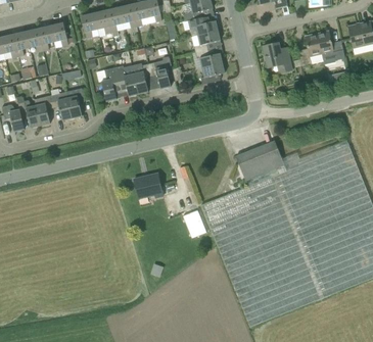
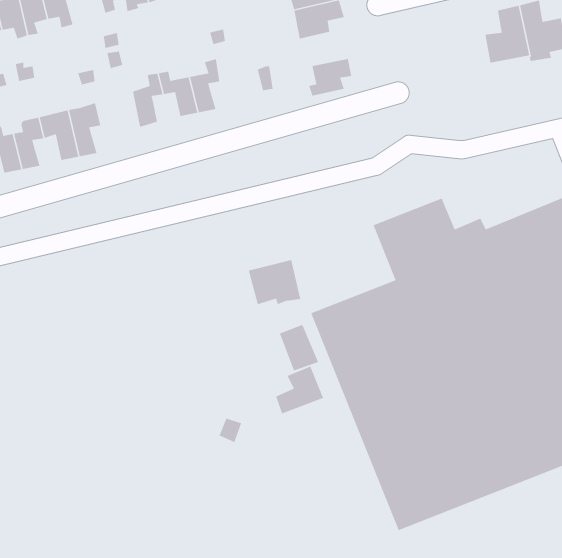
building: [262,42,291,72] -> none
building: [192,48,222,68] -> none
building: [148,55,171,88] -> none
building: [133,173,162,198] -> [248,259,301,305]
building: none -> [275,366,324,415]

